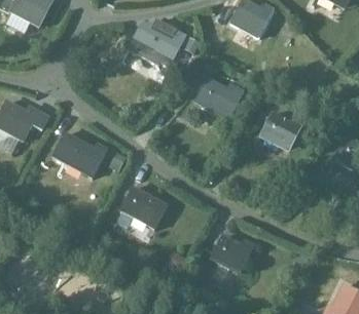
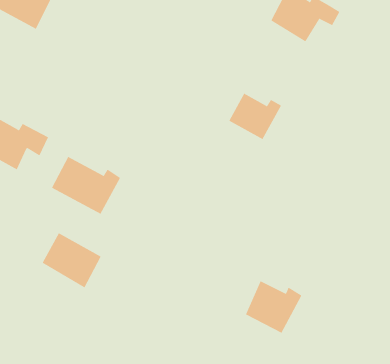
building: [127,18,186,67] -> none
building: [259,113,302,151] -> none
building: [119,185,168,230] -> [42,233,101,288]

